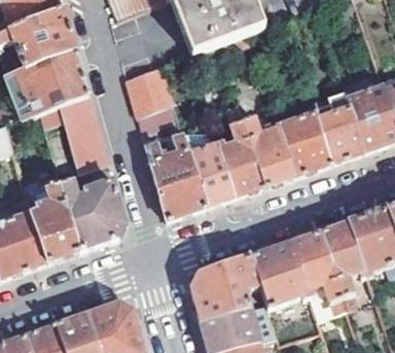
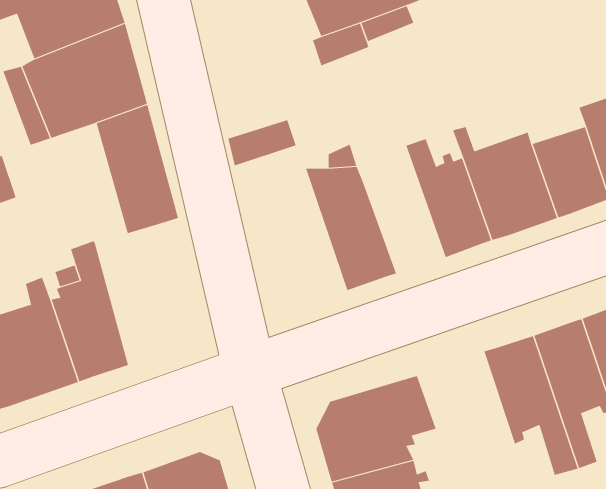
building: [127,66,173,114] -> none
building: [218,118,266,195] -> none
building: [146,132,208,219] -> none
building: [59,162,127,249] -> none
building: [250,241,308,307] -> none

